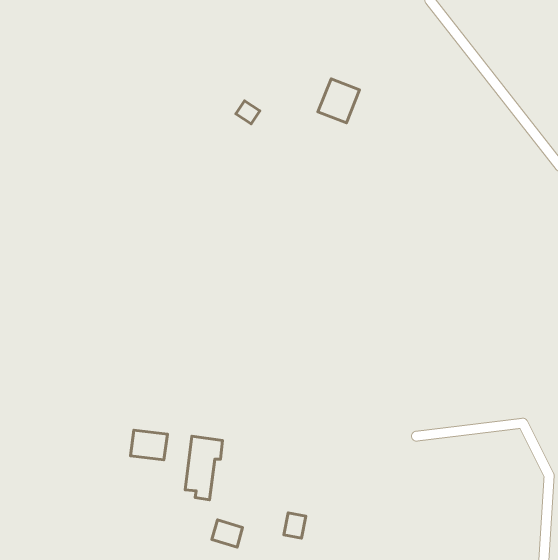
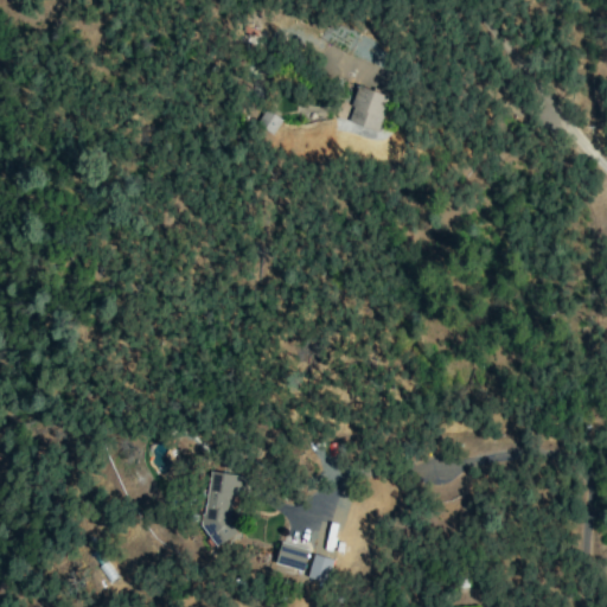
building: [130,430,167,460] -> none
building: [212,520,243,547] -> [276,542,309,571]

